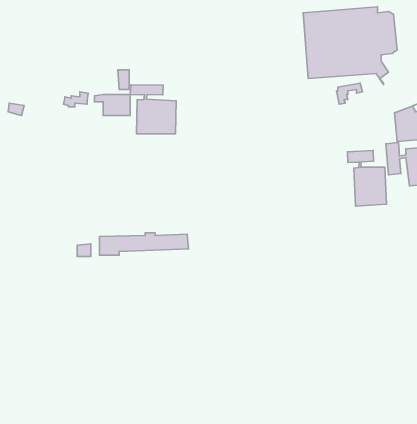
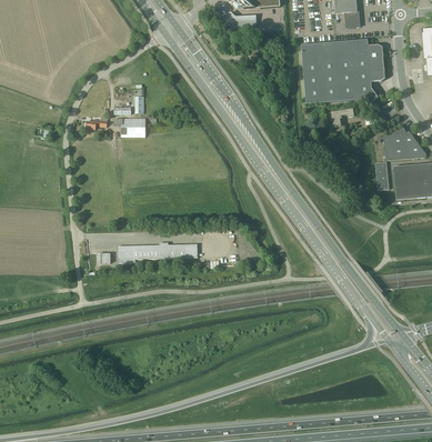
building: [130,85,176,134] -> none
building: [347,151,387,206] -> none

